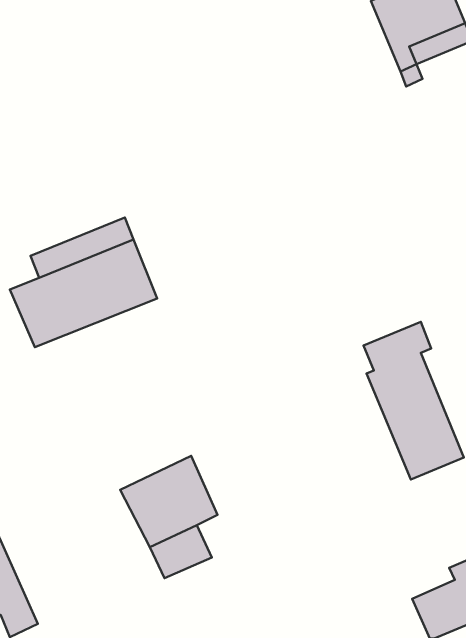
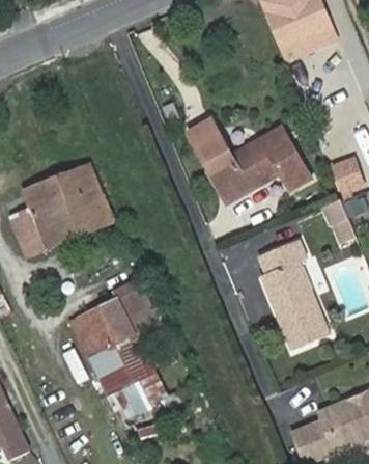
building: none -> [189,121,309,203]
building: none -> [70,286,160,356]

